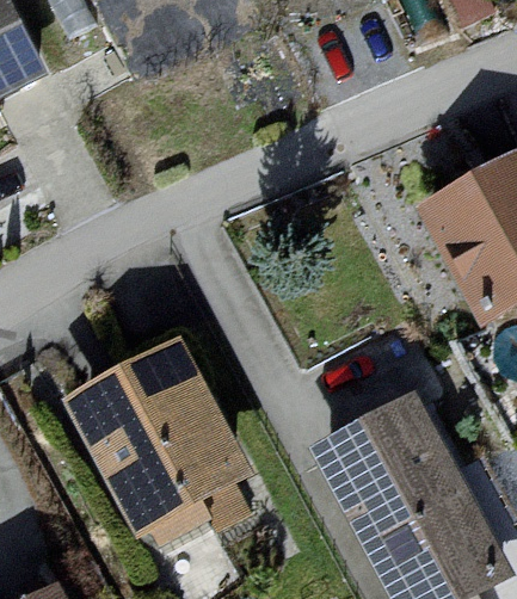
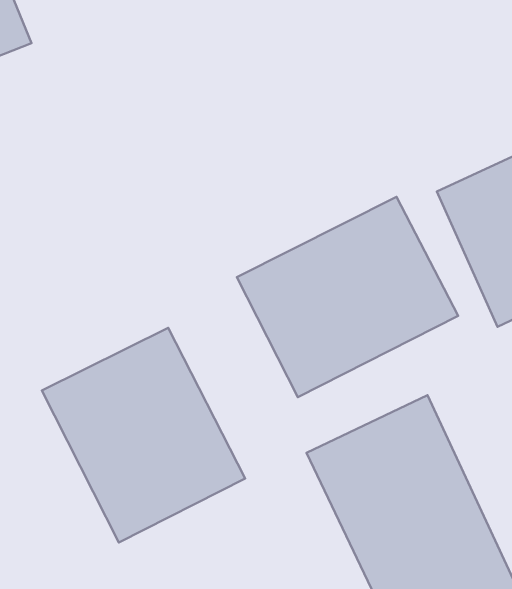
building: none -> [237,197,458,397]

